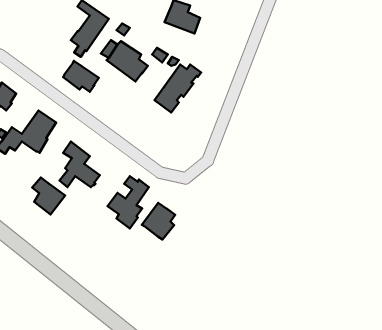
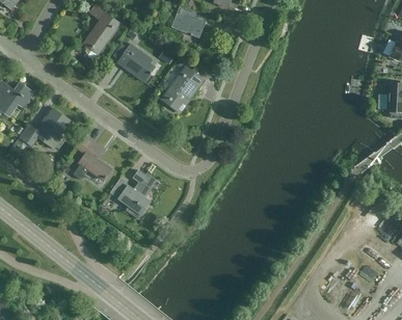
building: [63,61,99,92] -> none
building: [32,177,65,215] -> none
building: [142,203,175,239] -> none

